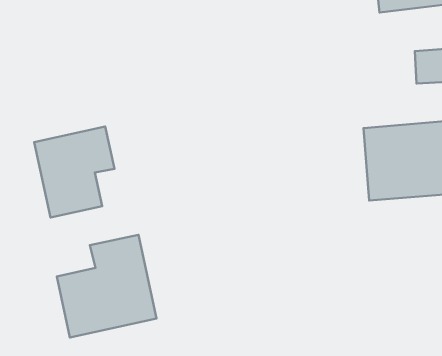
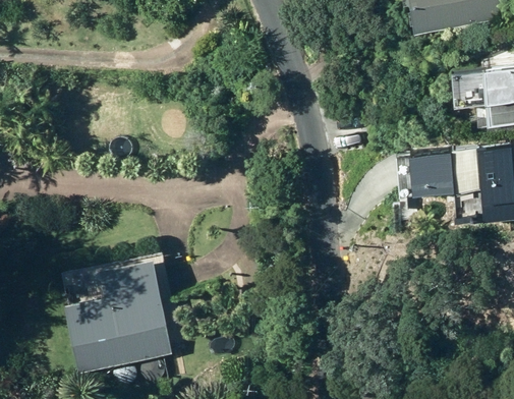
building: [34,126,114,218] -> none

